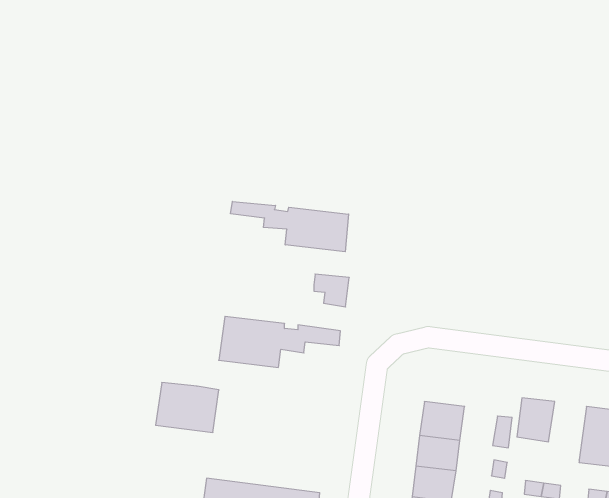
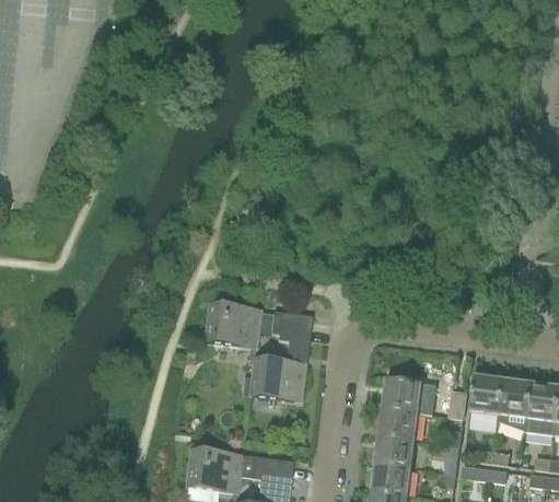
building: [231,201,349,252] -> none
building: [314,274,349,307] -> [279,325,311,354]
building: [156,383,219,432] -> [249,357,306,401]
building: none -> [499,378,533,431]

